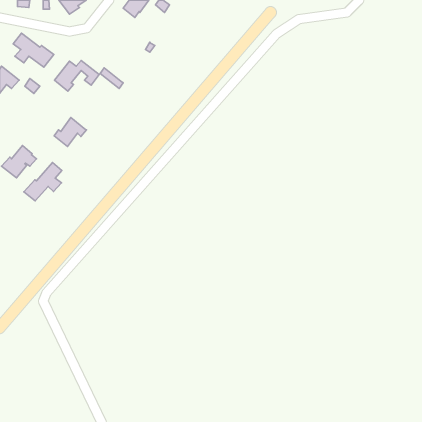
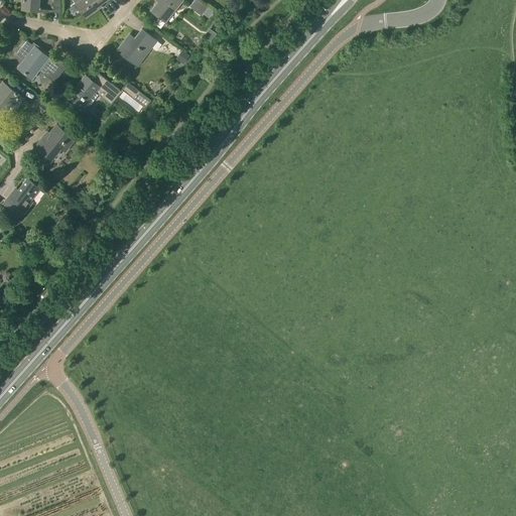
building: none -> [116,30,155,62]
building: [54,117,87,146] -> [35,124,75,159]
building: [24,163,62,201] -> none

